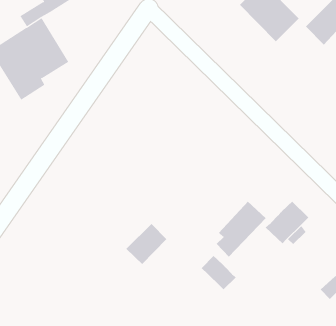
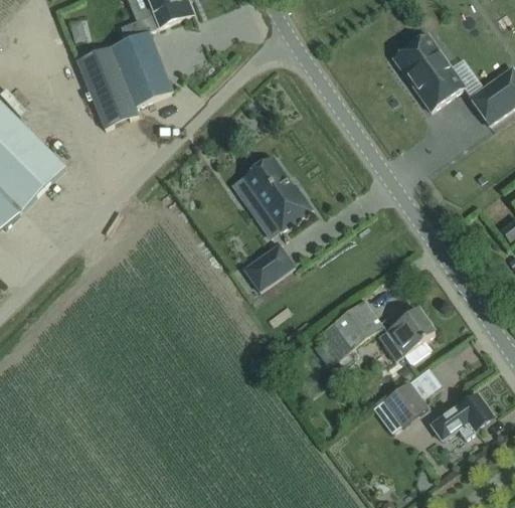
building: none -> [240,155,312,230]
building: [125,223,167,265] -> [242,241,296,291]
building: [201,255,237,290] -> none
building: none -> [372,379,427,432]

